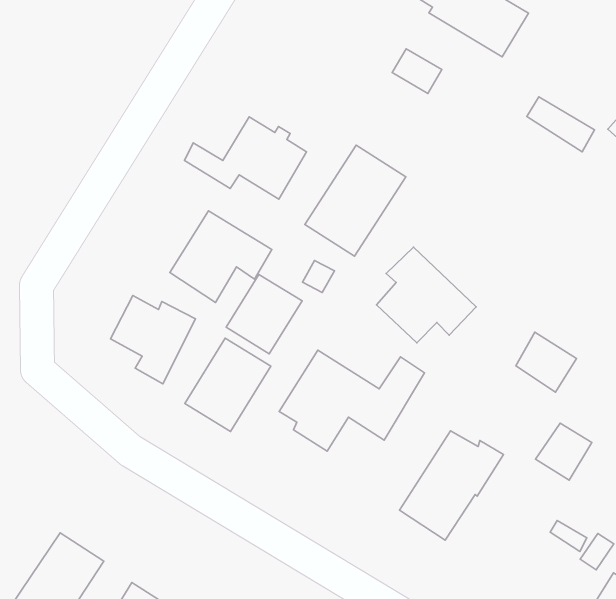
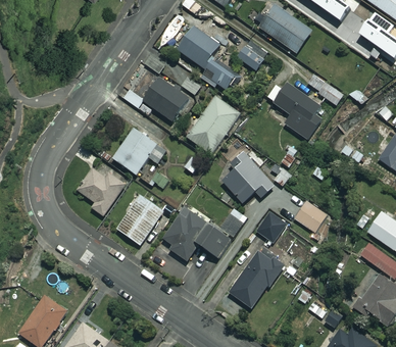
building: none -> [177,28,236,94]
building: none -> [266,78,326,141]
building: [226,274,302,354] -> none
building: [535,423,592,480] -> [255,212,286,243]

